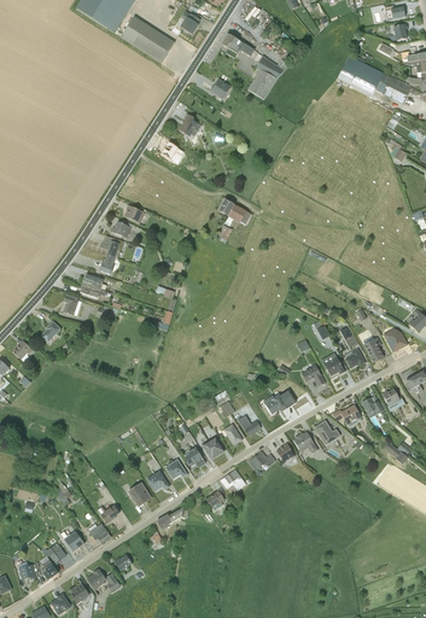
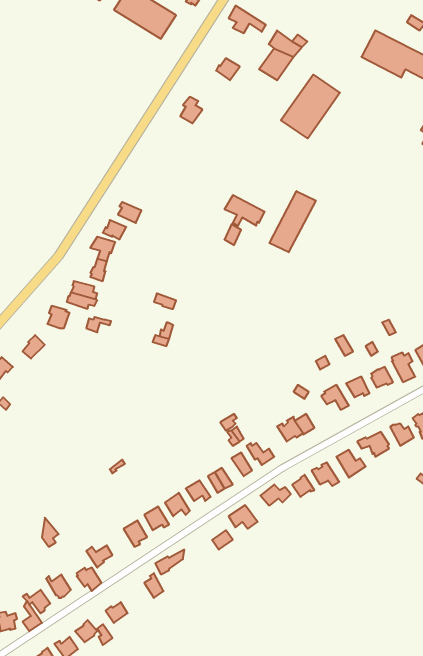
building: none -> [281,75,340,138]
building: none -> [269,191,316,252]

